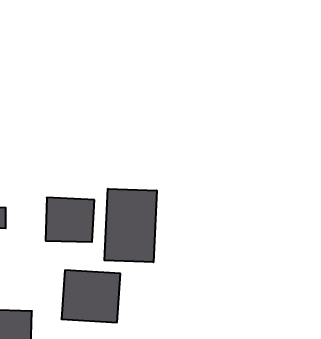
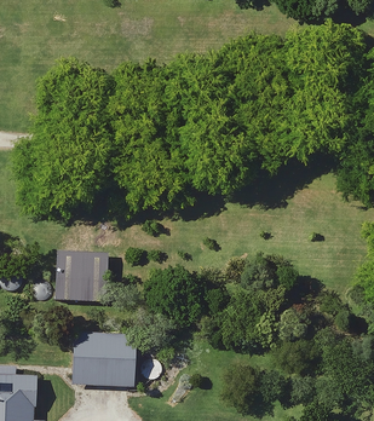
building: [104,189,157,262] -> none

